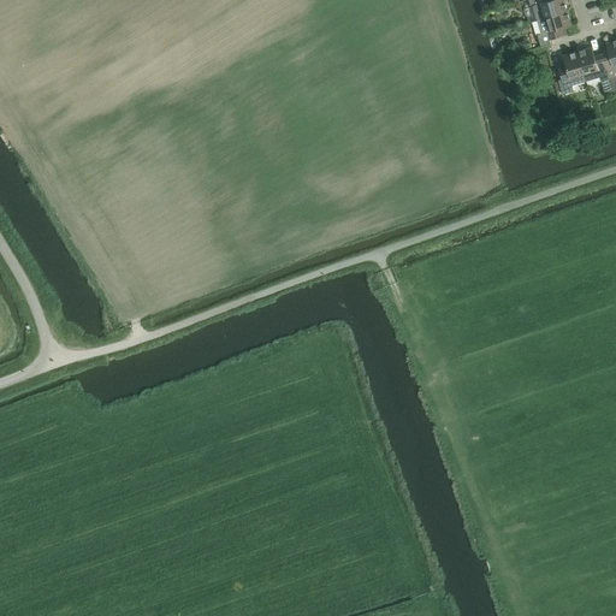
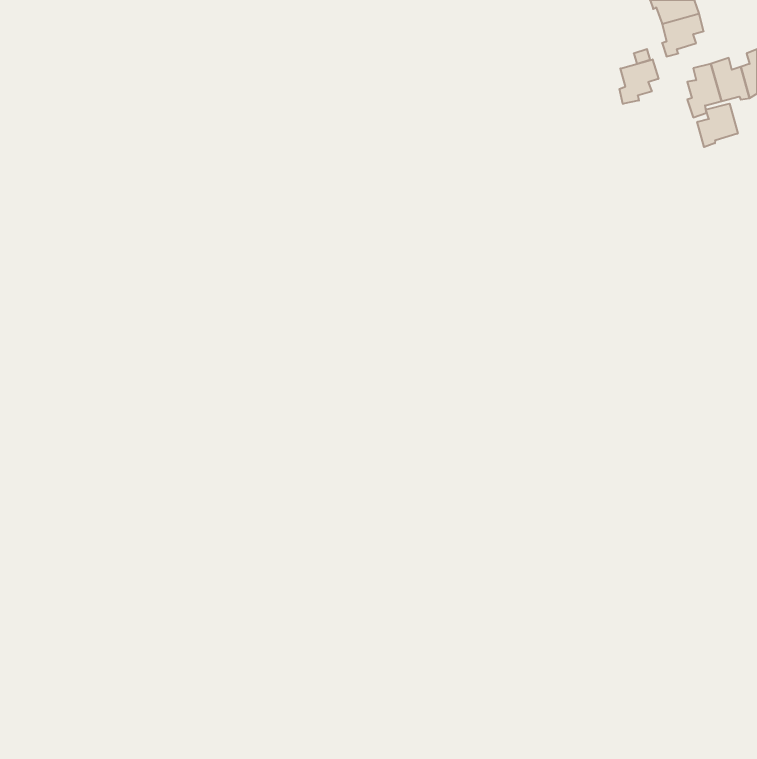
building: none -> [619,59,658,104]
building: none -> [697,104,738,147]

